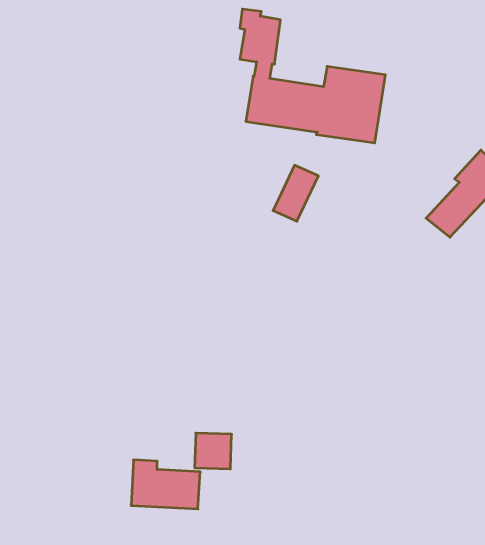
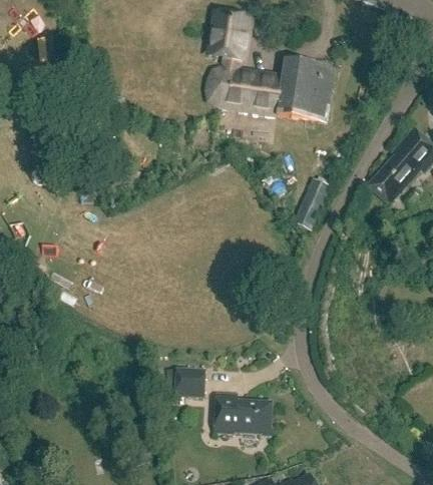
building: [273,165,318,221] -> [291,181,329,228]
building: [131,460,200,509] -> [213,392,272,433]

